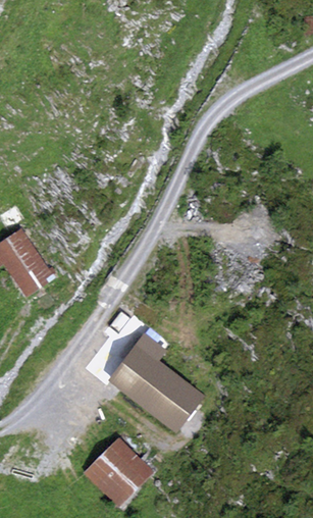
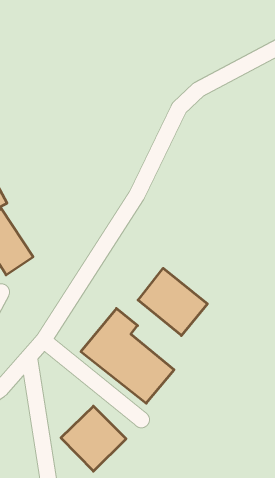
building: none -> [138,268,207,336]

